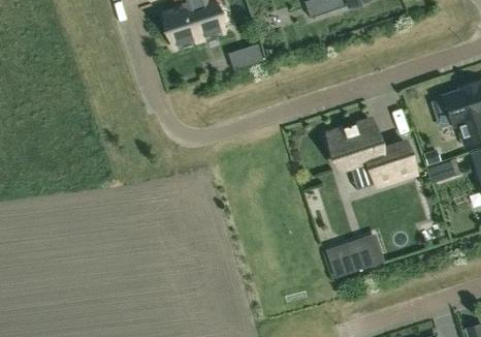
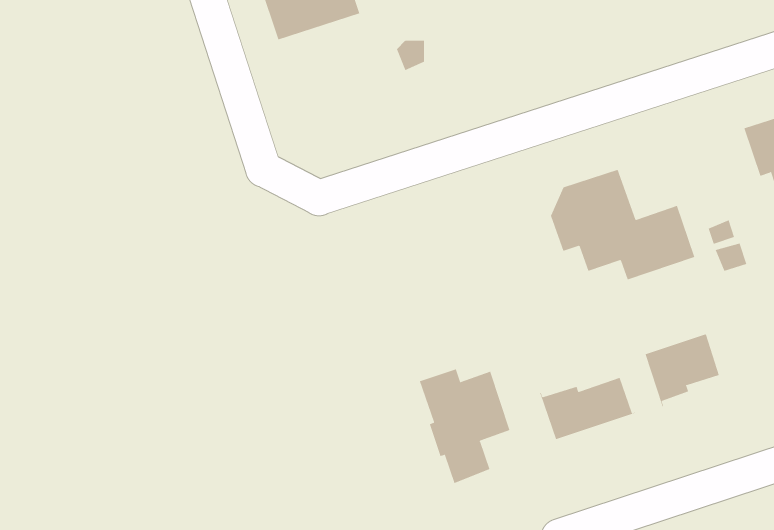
building: none -> [645,331,720,407]
building: none -> [419,368,510,484]

